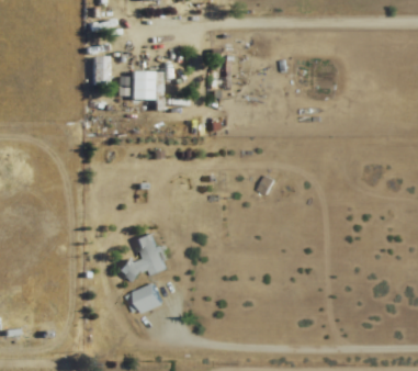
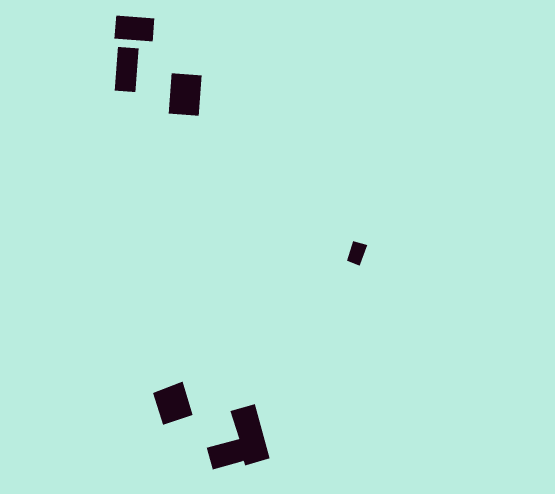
building: none -> [114,15,155,42]
building: [121,232,166,280] -> [206,403,270,470]

